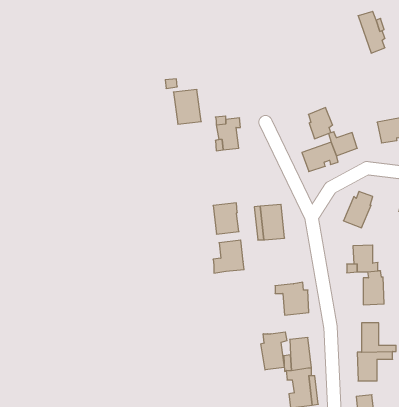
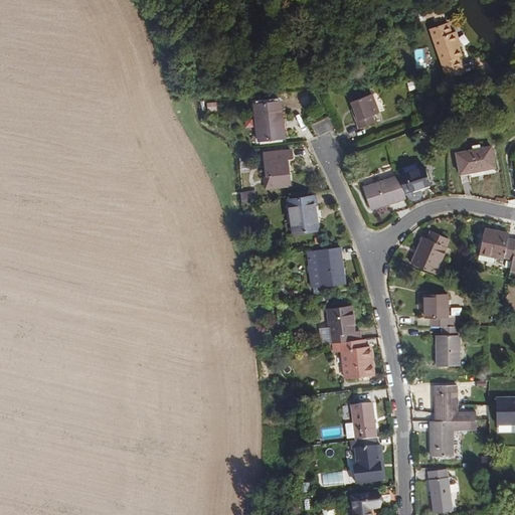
building: [173,90,201,124] -> [253,100,286,140]
building: [308,108,333,139] -> [350,93,378,129]
building: [213,203,239,234] -> [289,196,319,232]
building: [213,240,244,273] -> [318,306,354,344]
building: [261,332,287,370] -> none

